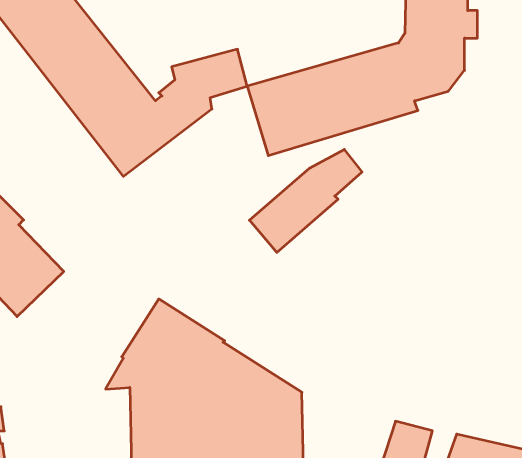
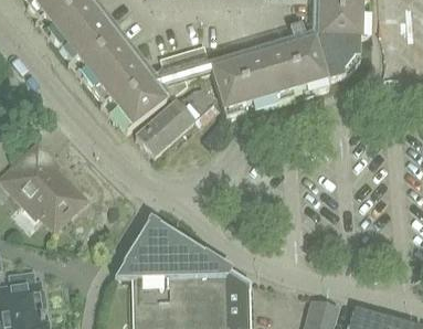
building: [249,149,362,252] -> [135,86,212,157]

